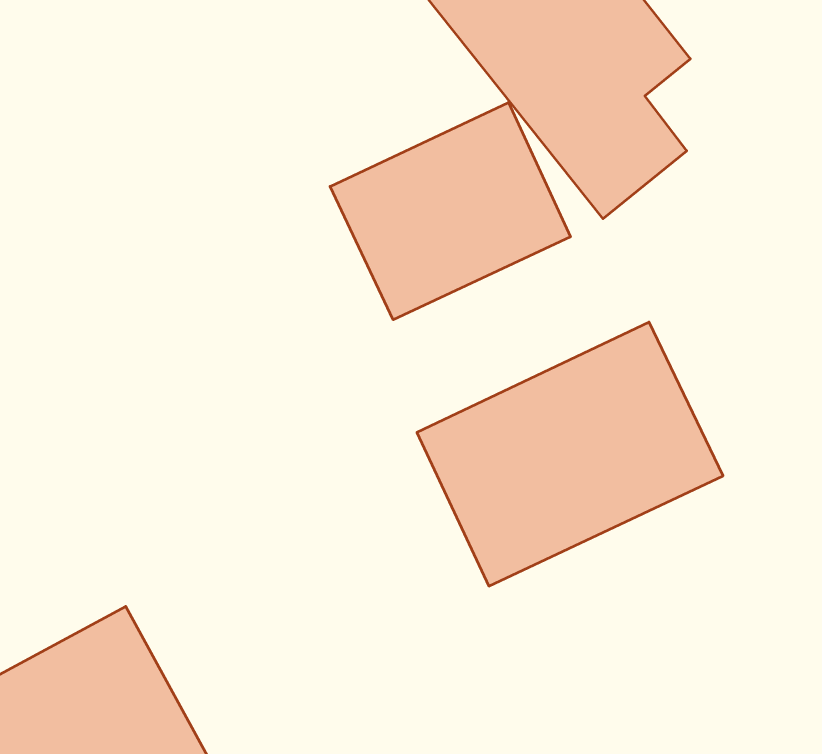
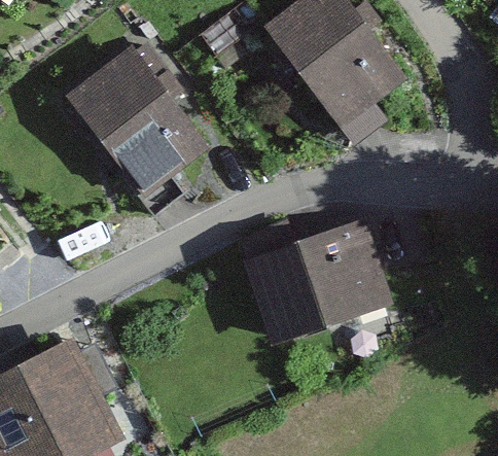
building: none -> [65,39,213,197]
building: [330,102,570,320] -> none

